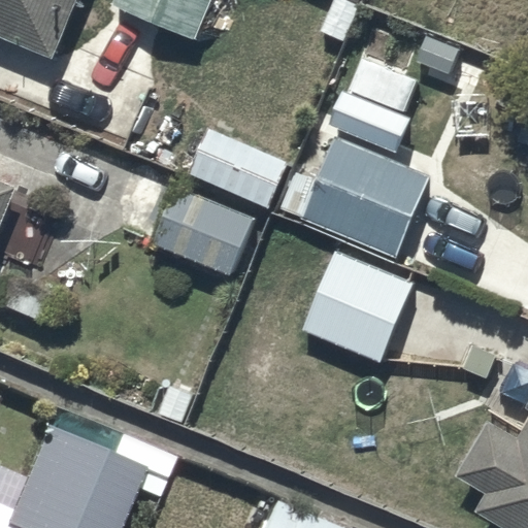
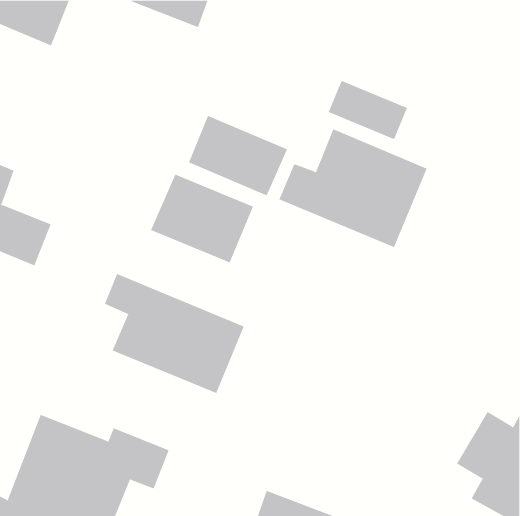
building: [299,250,414,363] -> none
building: none -> [104,273,245,394]

